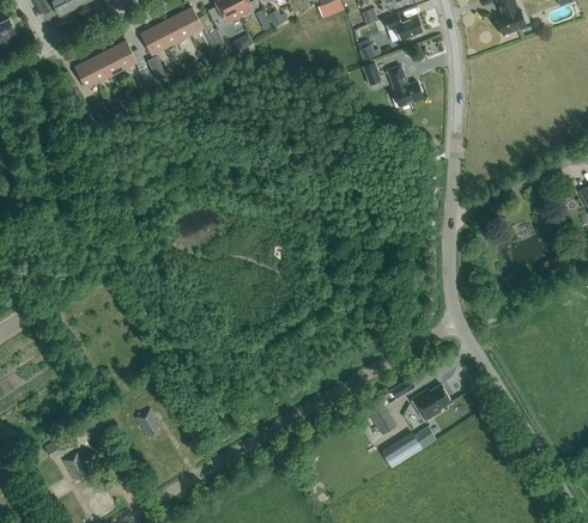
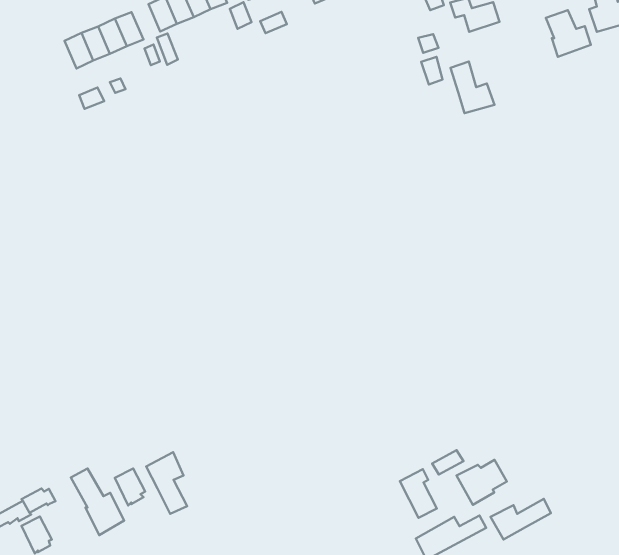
building: none -> [546,10,591,57]
building: none -> [146,452,187,514]
building: none -> [71,469,124,535]
building: none -> [490,499,551,539]

